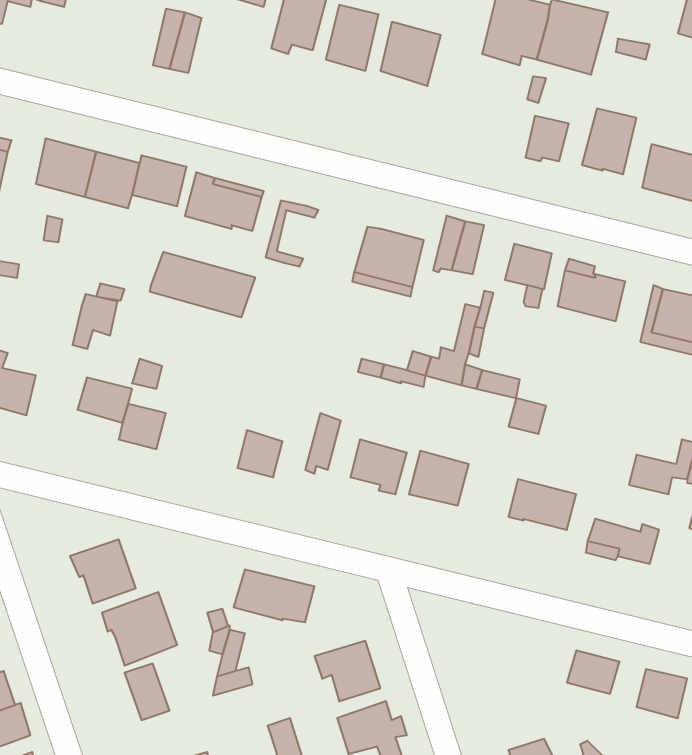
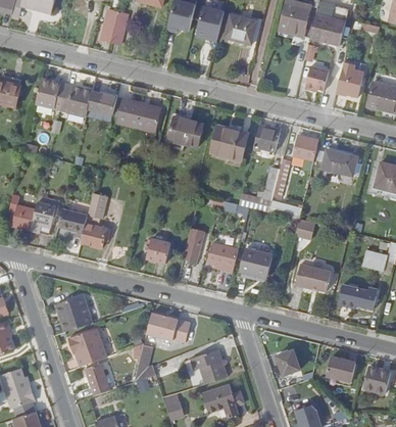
building: none -> [169,117,203,148]
building: [150,252,255,317] -> none
building: [72,294,118,349] -> [34,201,58,231]
building: none -> [278,351,301,377]

